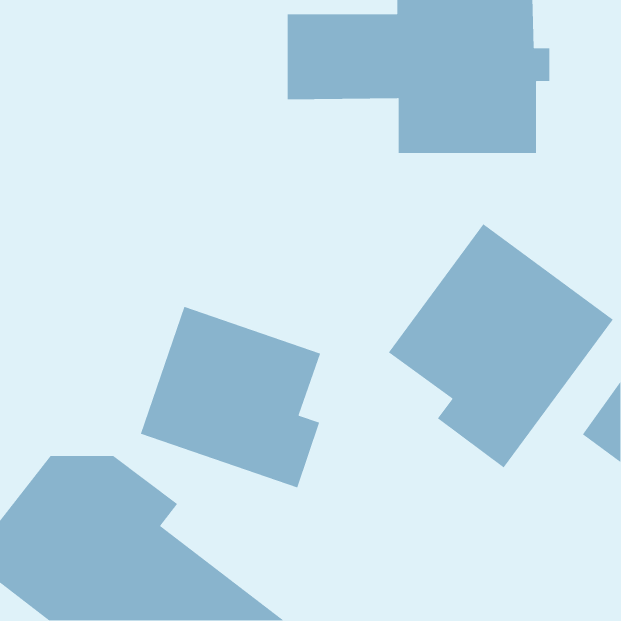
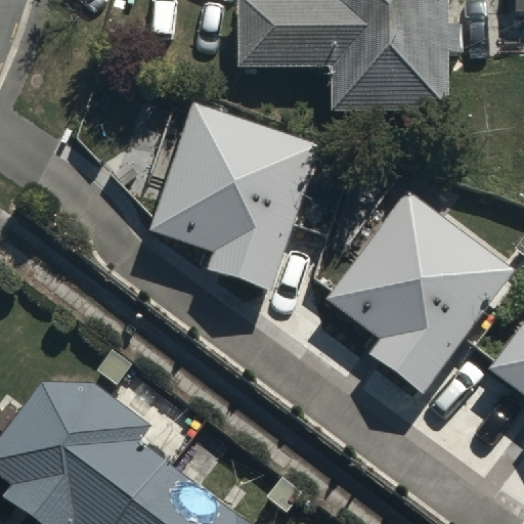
building: none -> [146,100,319,290]
building: [140,306,321,488] -> none

